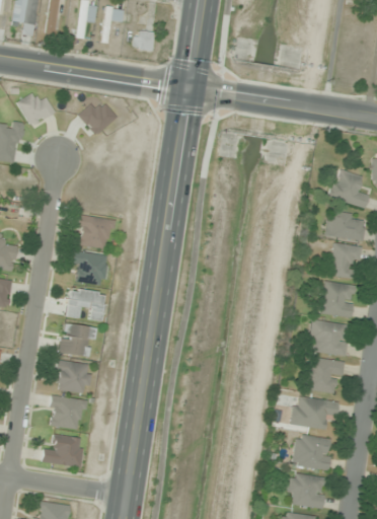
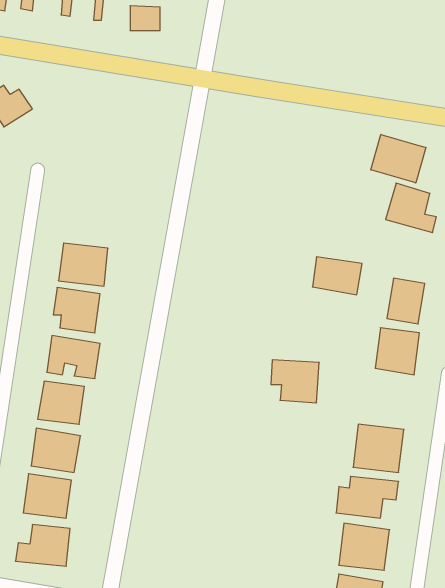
building: [78,103,117,136] -> none
building: none -> [371,134,426,183]
building: [327,212,366,241] -> [312,257,362,295]
building: [311,322,349,356] -> [271,360,319,403]

